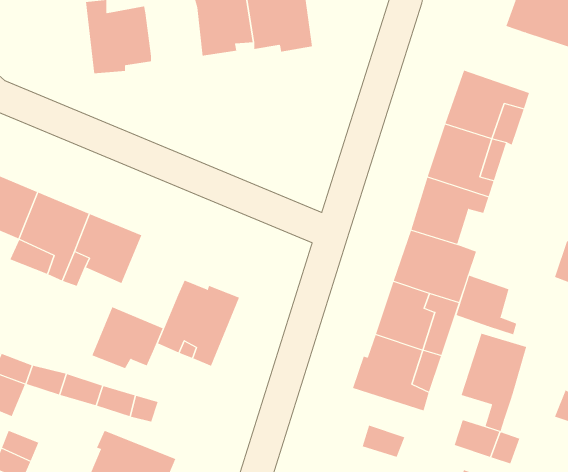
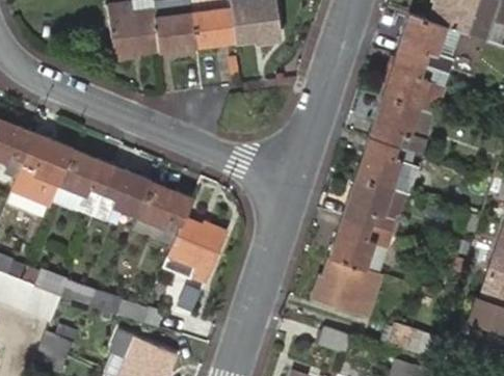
building: none -> [154,7,196,48]
building: none -> [397,15,452,73]
building: [456,275,517,335] -> none
building: [92,307,163,369] -> [135,182,190,230]
building: [461,333,527,432] -> none

